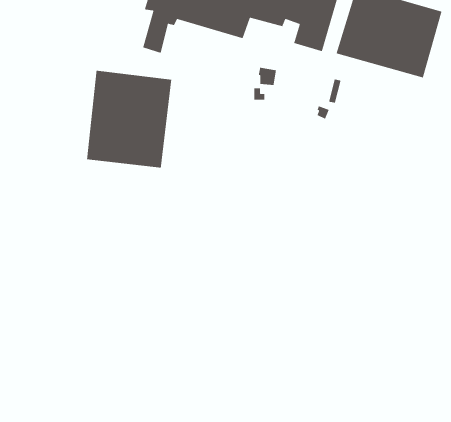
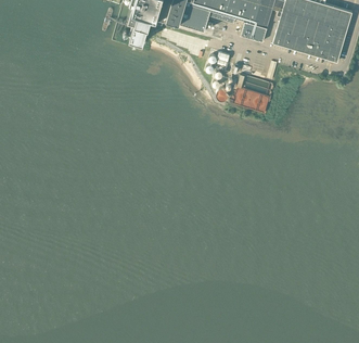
building: [86,70,172,169] -> none

